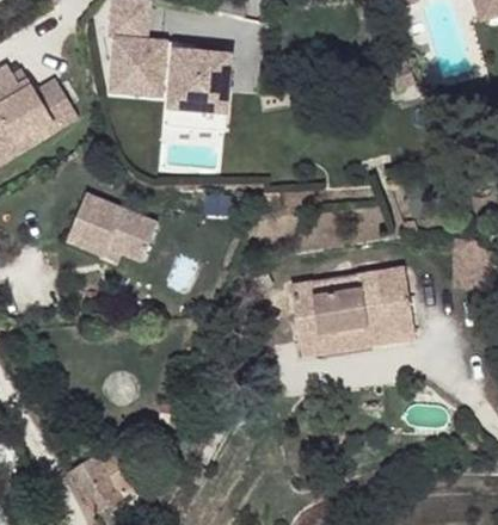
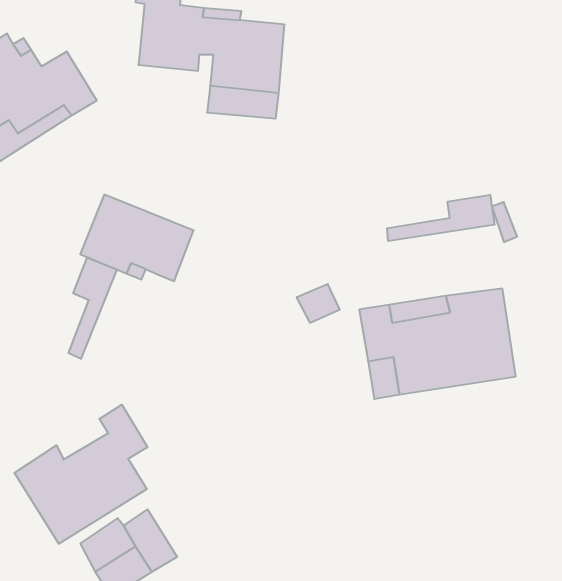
building: none -> [387,195,495,241]
building: none -> [69,257,117,359]
building: none -> [14,405,148,544]

